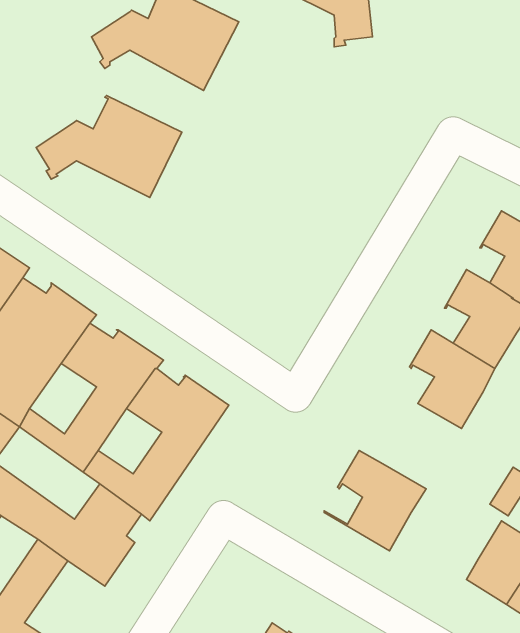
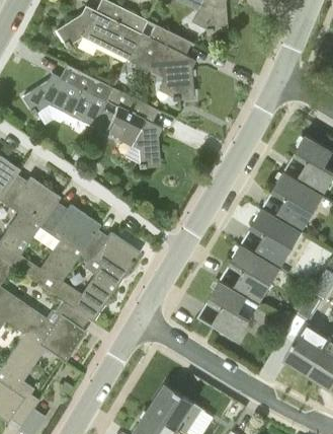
building: none -> [124,20,192,102]
building: none -> [92,87,159,168]
building: none -> [227,243,280,303]

